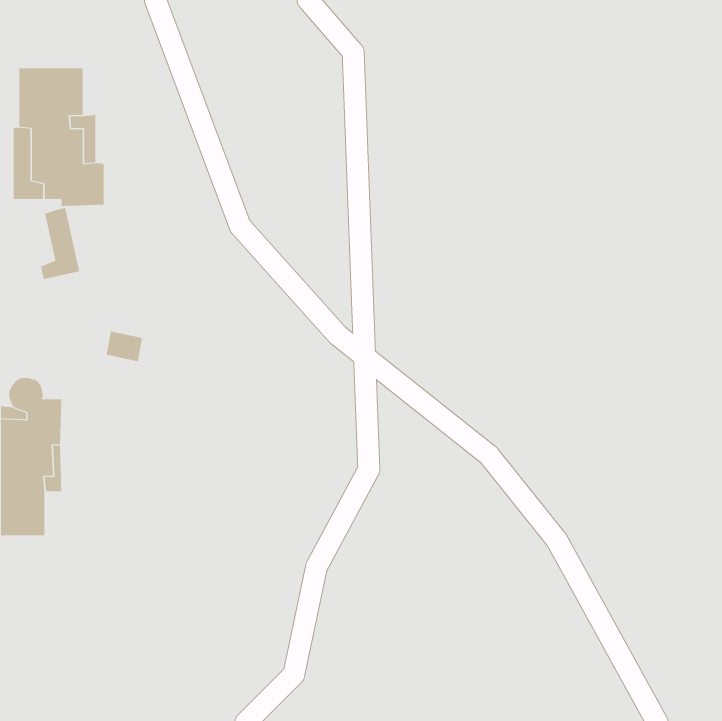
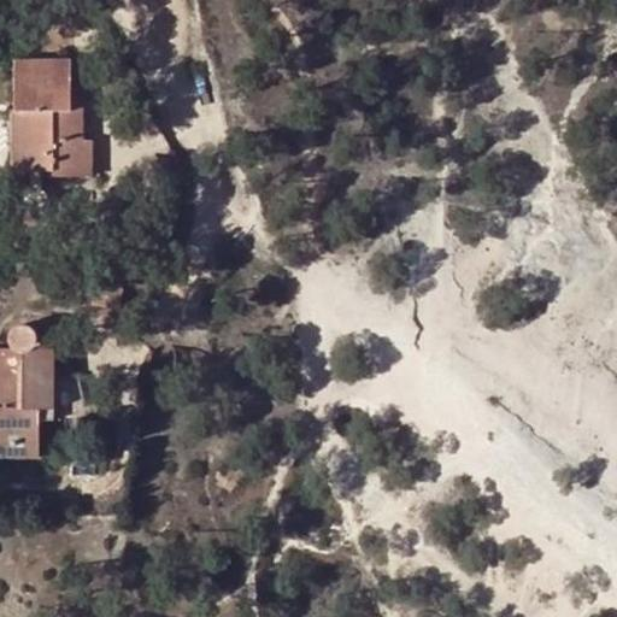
building: [40,207,80,280] -> none

